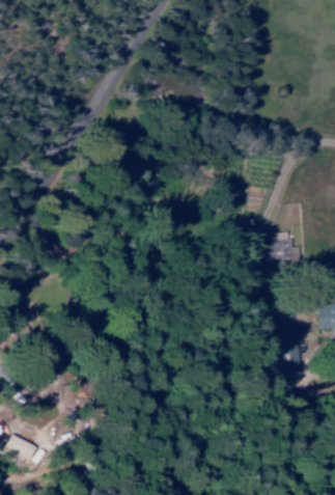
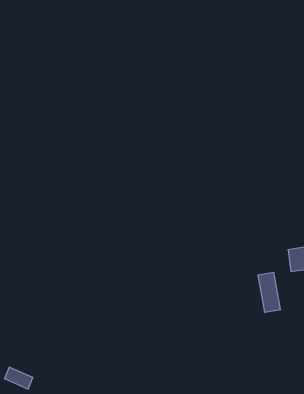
building: [272,231,300,265] -> none

